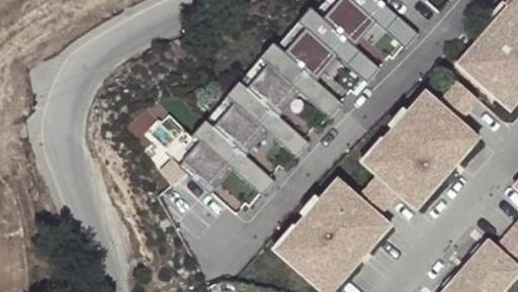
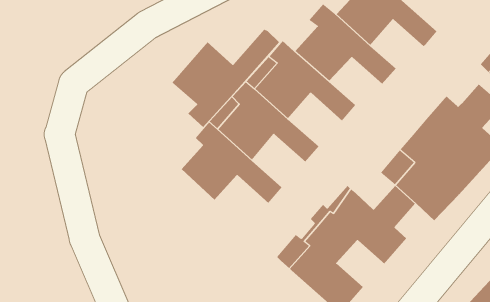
building: none -> [171,29,280,128]
building: [324,228,368,272] -> none

